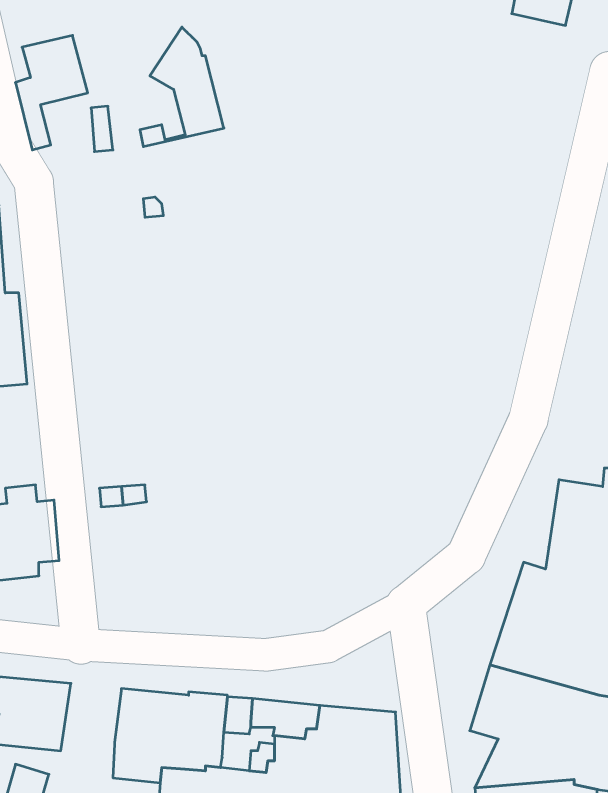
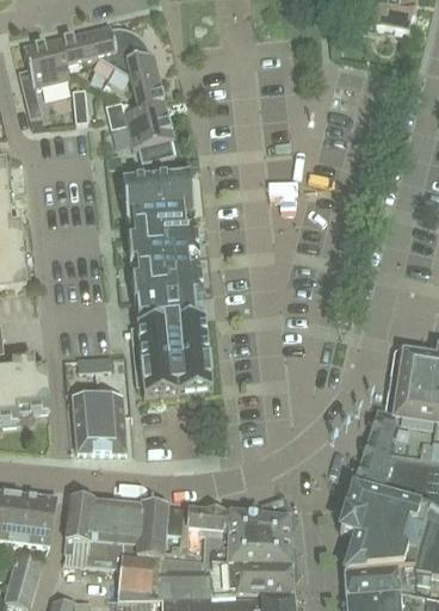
building: none -> [57,24,135,78]
building: none -> [107,103,174,162]
building: none -> [120,171,211,395]
building: none -> [72,394,125,452]
building: none -> [63,496,92,553]

